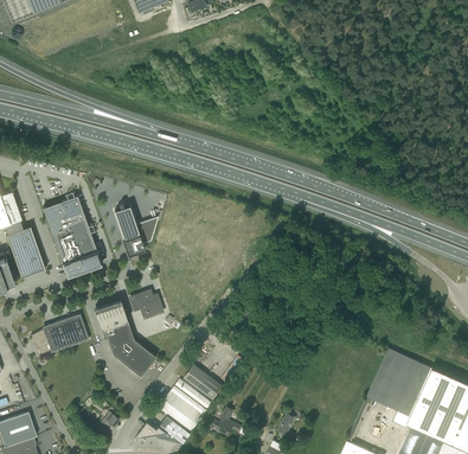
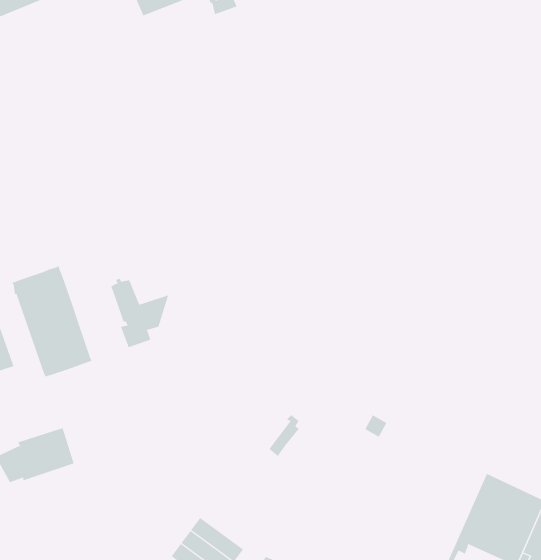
building: [130,290,164,319] -> none
building: [94,300,156,376] -> none
building: [184,365,223,399] -> none

